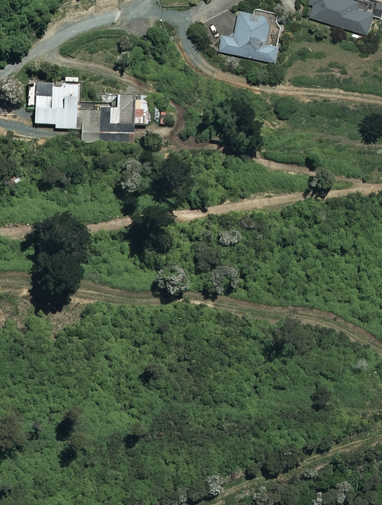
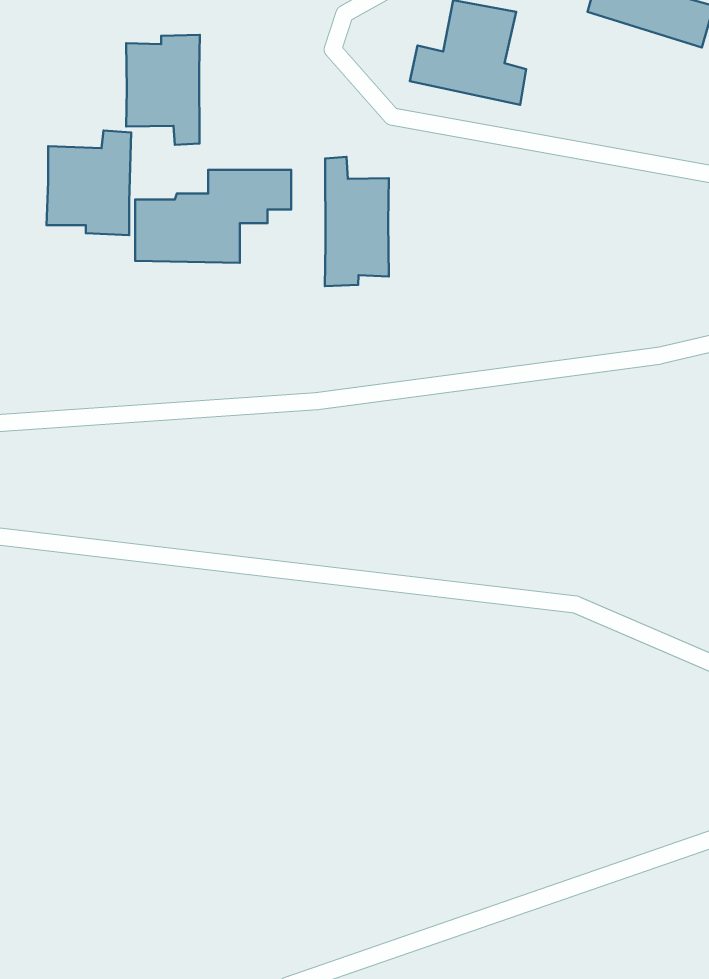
building: none -> [126,35,200,145]
building: none -> [325,157,389,286]

